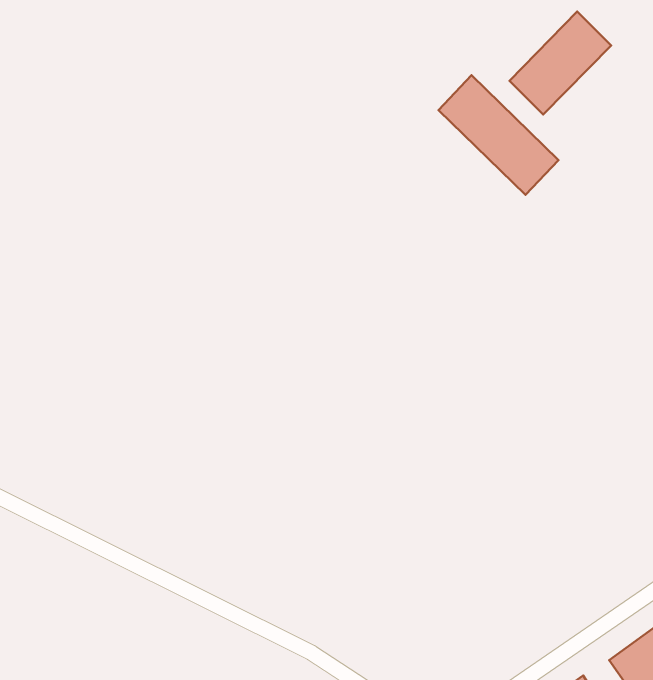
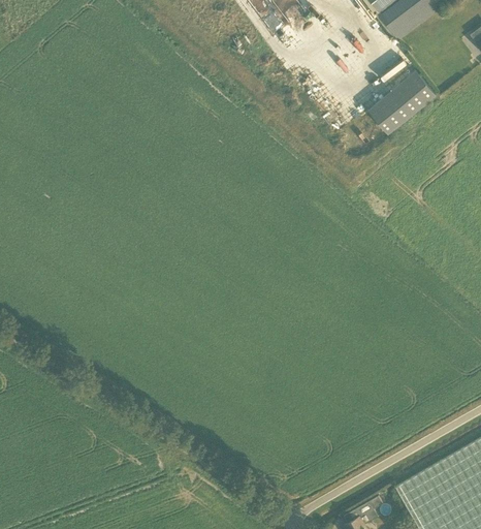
building: [438,75,558,195] -> none

